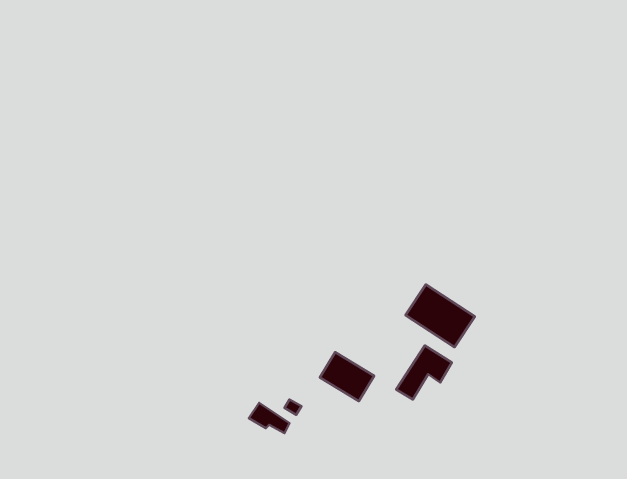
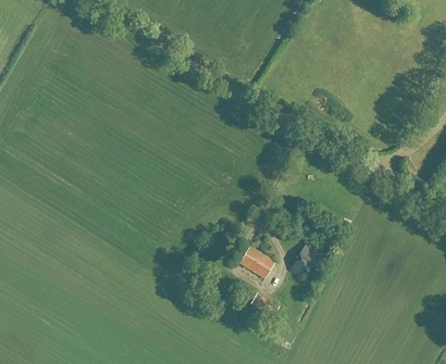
building: [405,284,475,347] -> none

